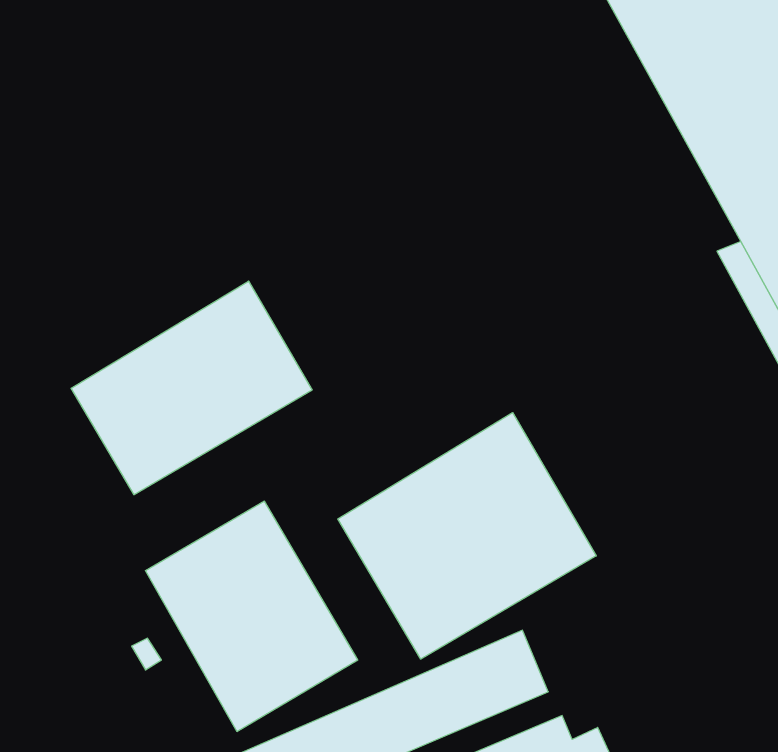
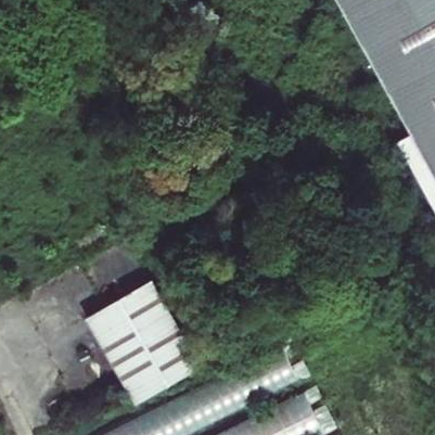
building: [71,281,312,495] -> none
building: [338,413,596,659] -> none

